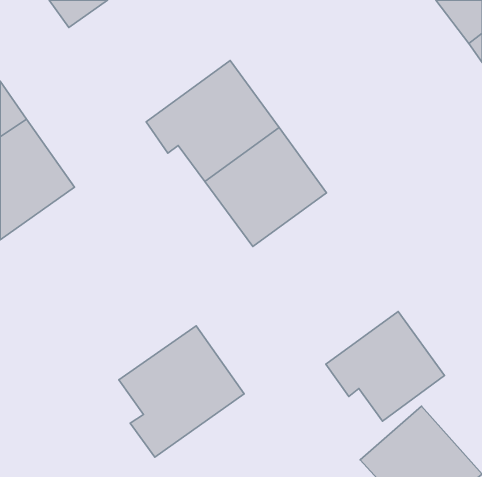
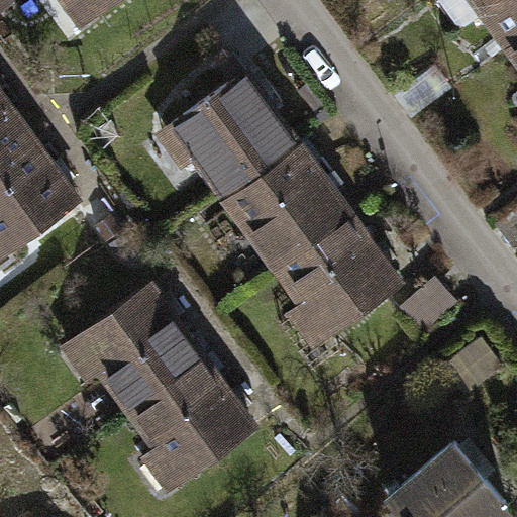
building: none -> [271,212,400,346]
building: none -> [61,280,210,412]
building: [326,312,444,421] -> none

